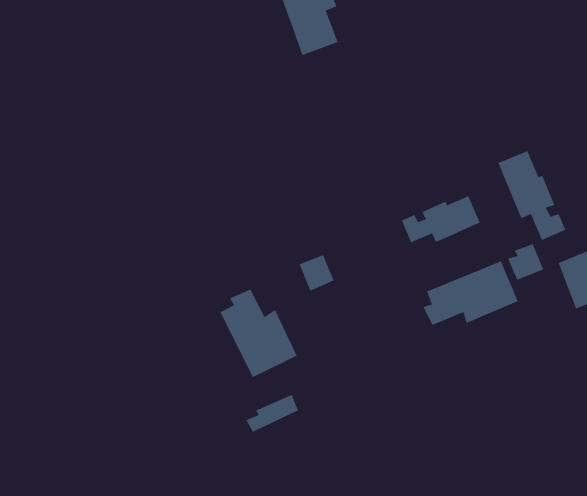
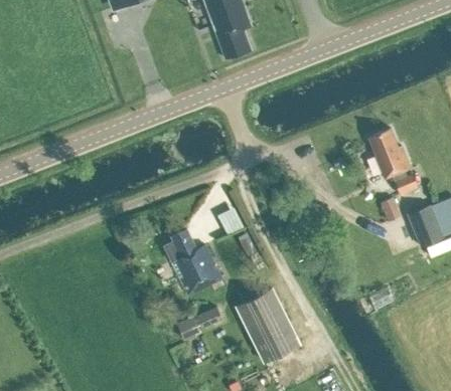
building: [401,195,481,243] -> none
building: [423,261,518,326] -> none
building: none -> [237,289,299,361]

